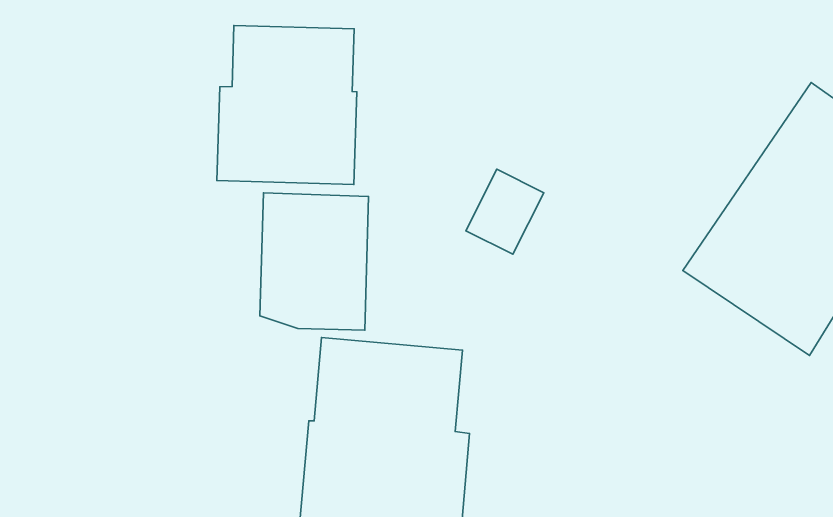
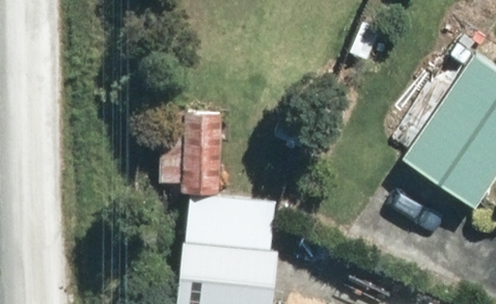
building: [217,25,357,184] -> none

